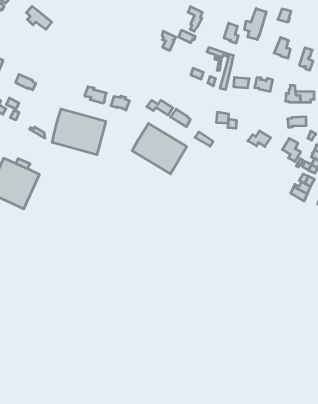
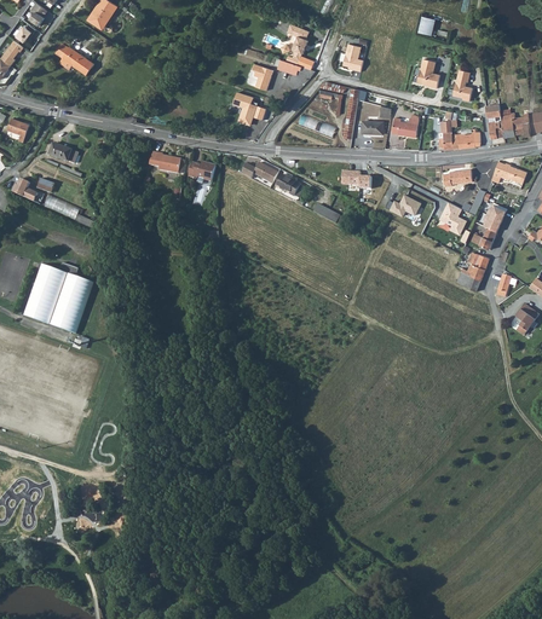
building: [245,8,266,40] -> none
building: none -> [232,92,266,125]
building: [52,109,106,155] -> none
building: [132,123,187,174] -> none

